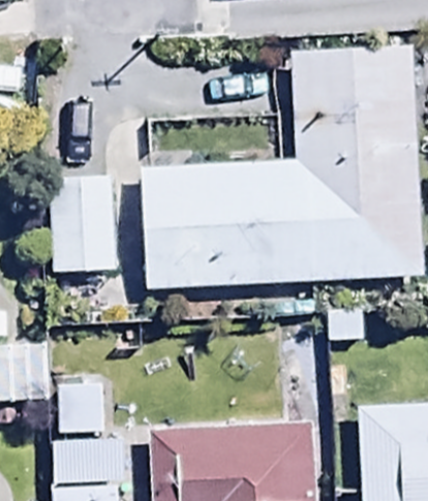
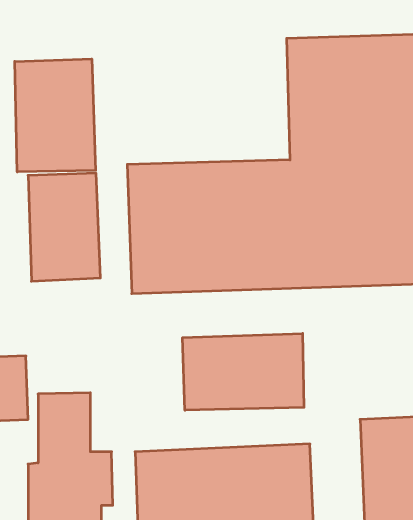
building: none -> [15,59,96,172]
building: none -> [183,333,304,410]

